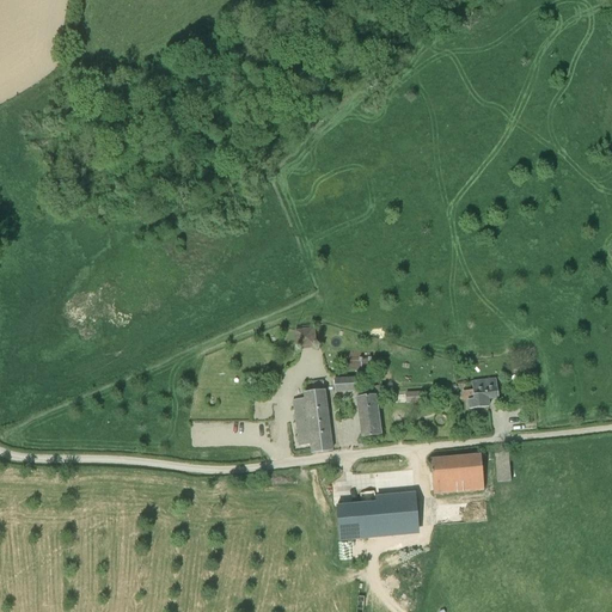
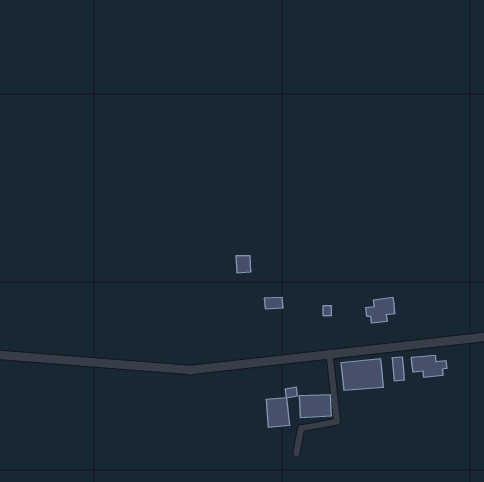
building: [293,379,331,451] -> none
building: [356,382,382,436] -> none
building: none -> [411,355,447,377]

